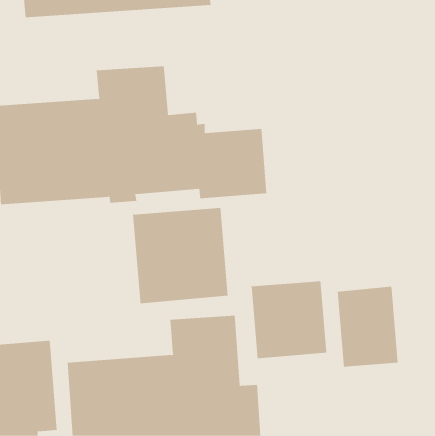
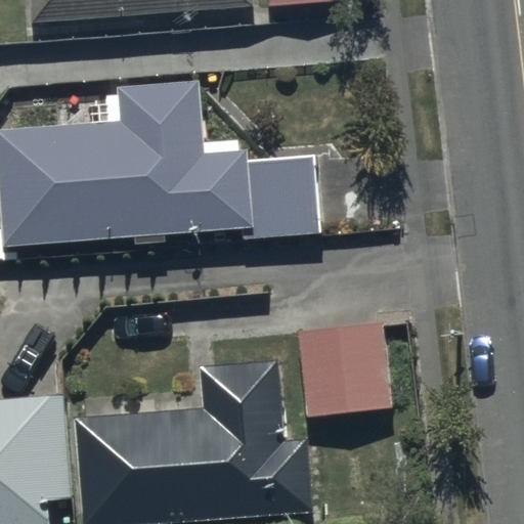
building: [133,207,228,304] -> none
building: [337,286,398,368] -> none

